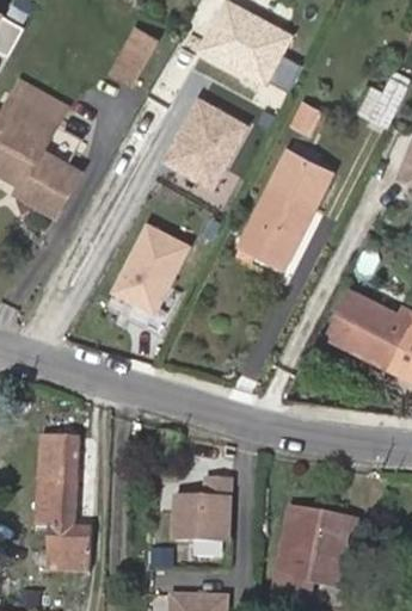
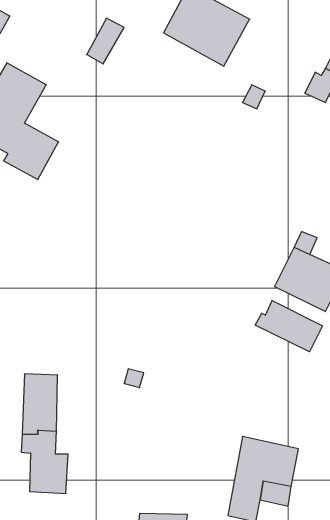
building: [161,93,250,185] -> none
building: [238,150,331,269] -> none
building: [113,215,189,310] -> none
building: none -> [255,300,322,352]
building: [172,481,228,543] -> none

